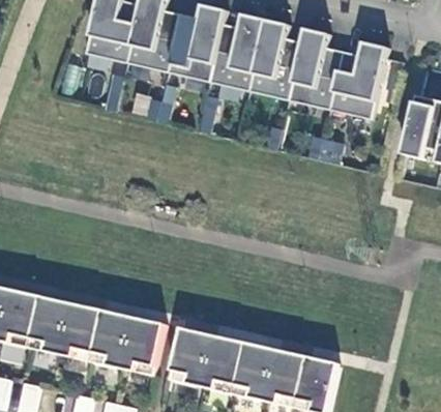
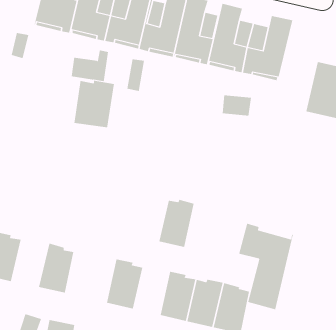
building: none -> [74,80,115,128]
building: none -> [238,223,293,310]
building: [58,303,101,359] -> none
building: [121,318,165,375] -> none
building: [201,335,243,392] -> [158,199,195,248]

